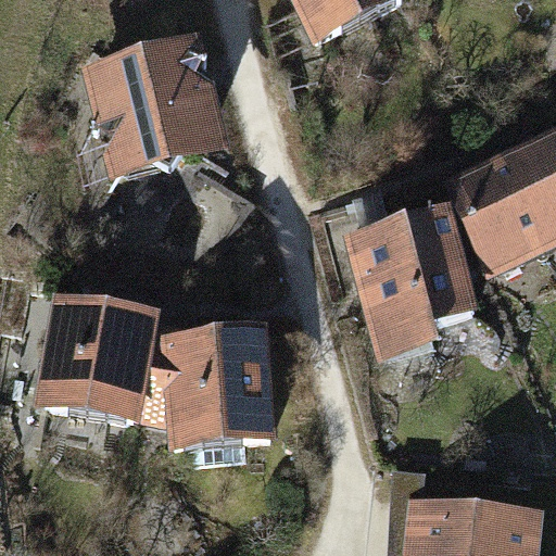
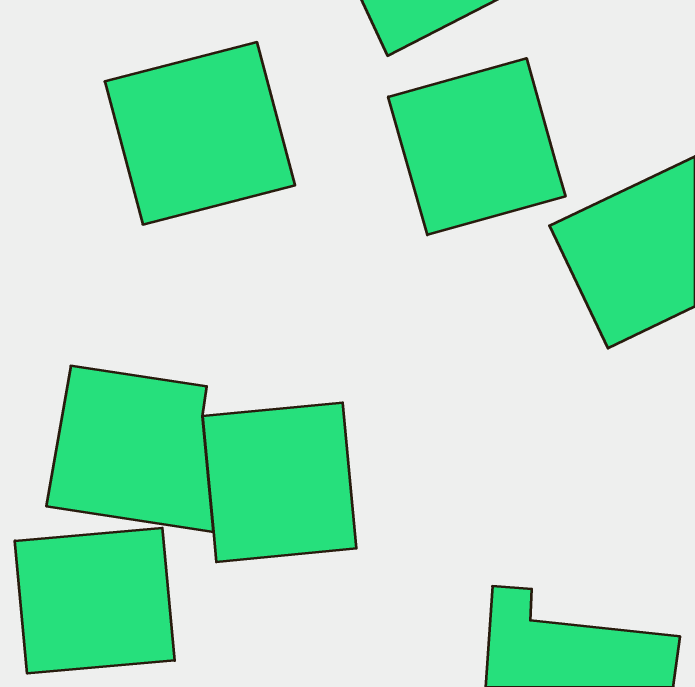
building: none -> [388,58,565,235]
building: [340,203,478,359] -> none
building: none -> [15,528,175,673]

